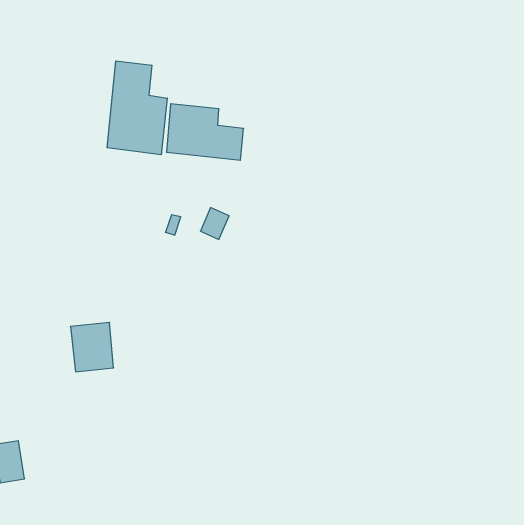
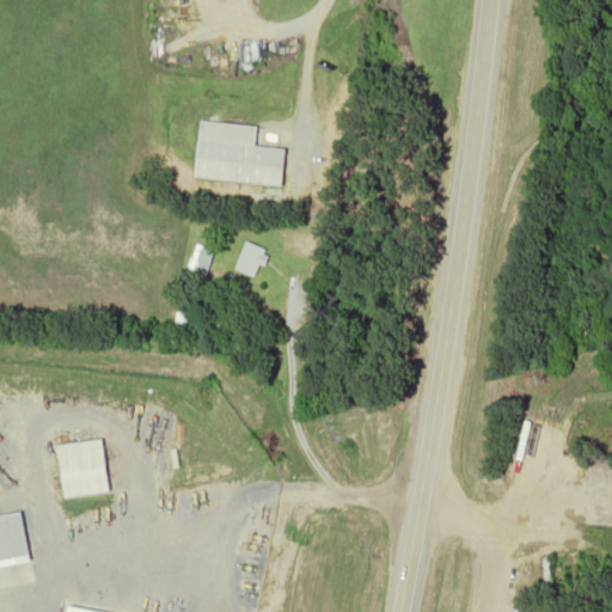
building: [107,61,167,155] -> none
building: [70,322,114,372] -> [59,441,109,498]

